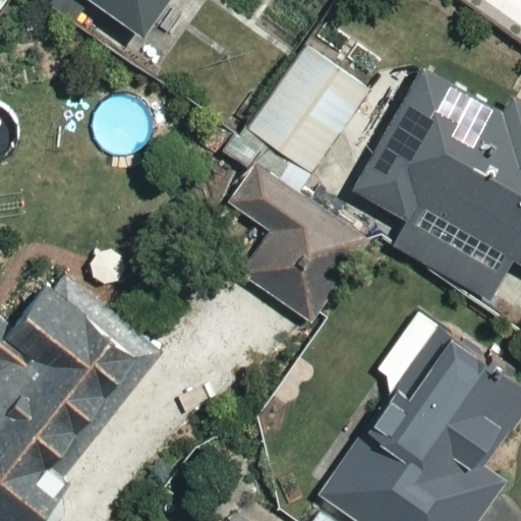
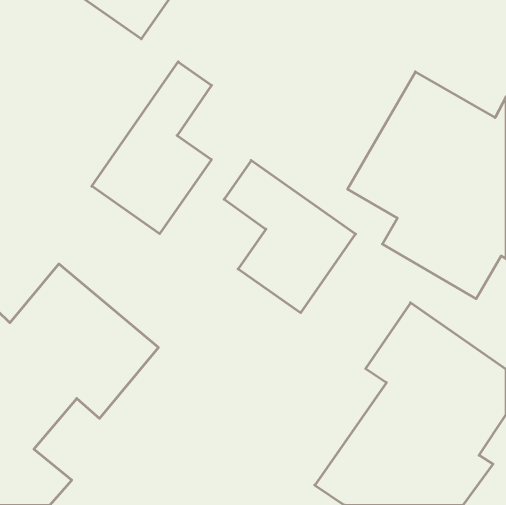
building: [249,47,368,173] -> none
building: none -> [92,62,212,234]

